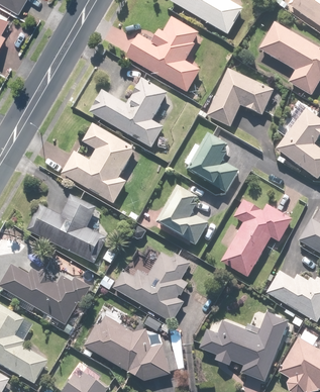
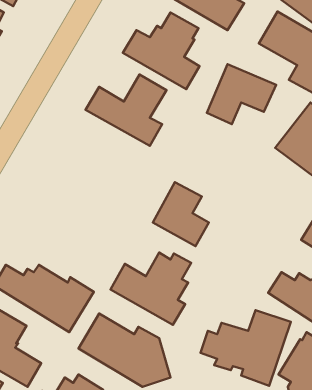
building: [62,123,135,203] -> none
building: [188,133,239,193] -> none
building: [26,194,107,263] -> none
building: [220,199,292,277] -> none

